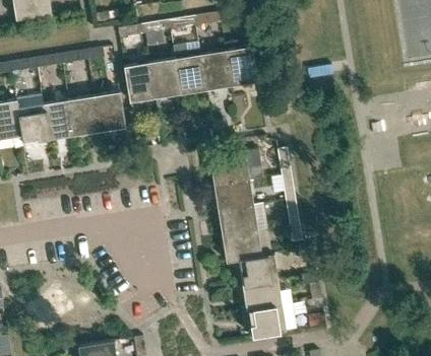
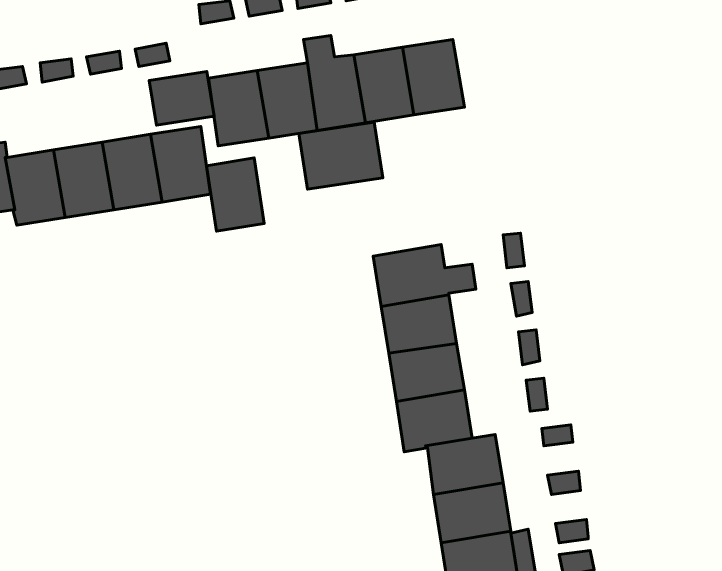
building: none -> [149,71,214,125]
building: none -> [299,122,383,189]
building: none -> [206,158,264,231]

